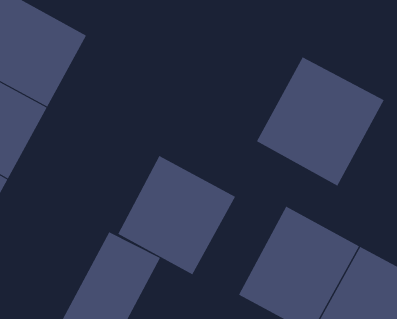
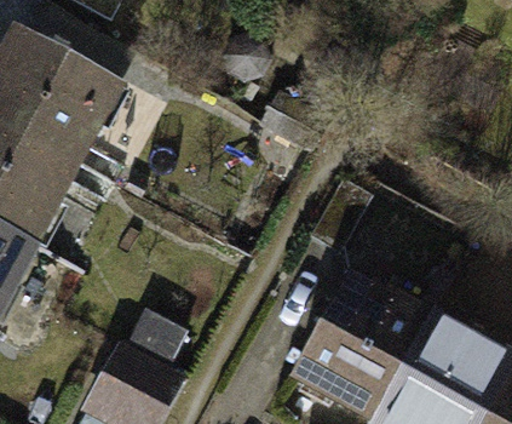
building: [256,57,384,186] -> none
building: [117,155,236,275] -> none

